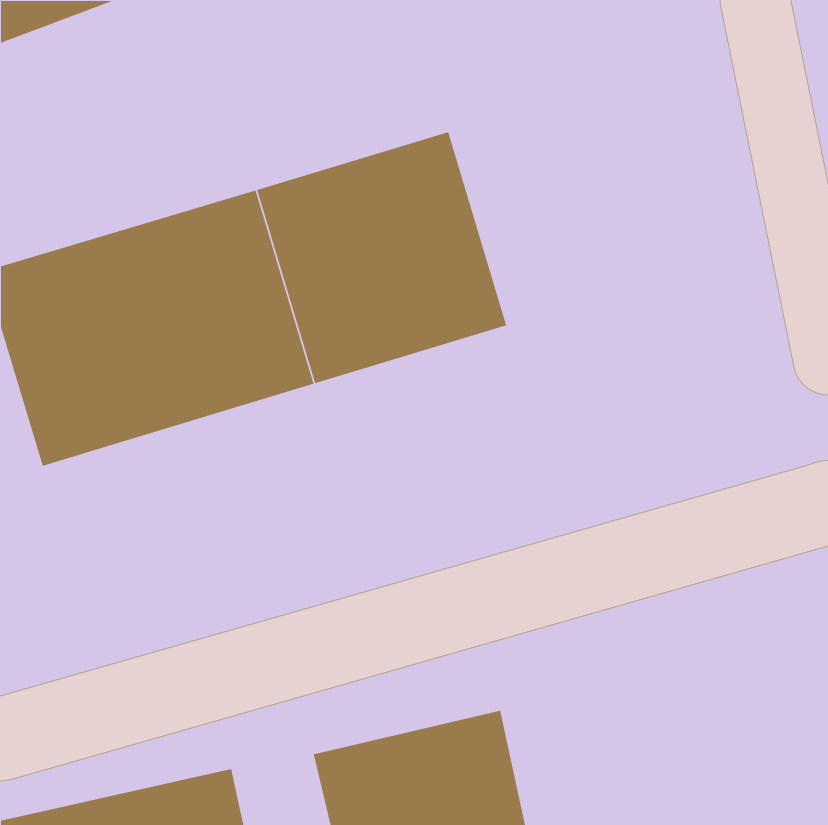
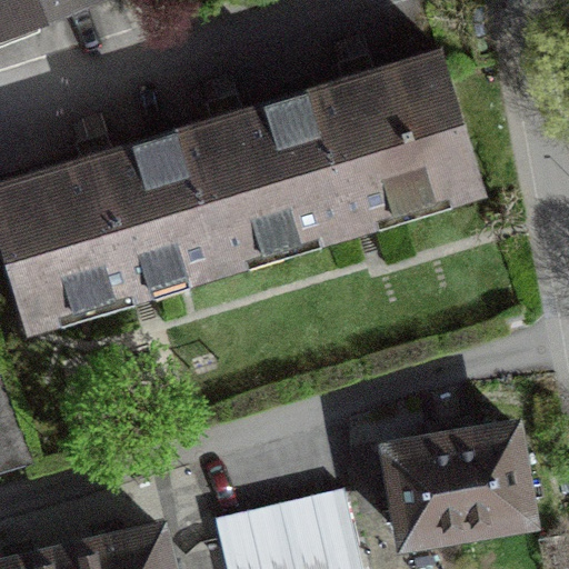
building: none -> [308,53,480,226]
building: none -> [390,428,528,540]

